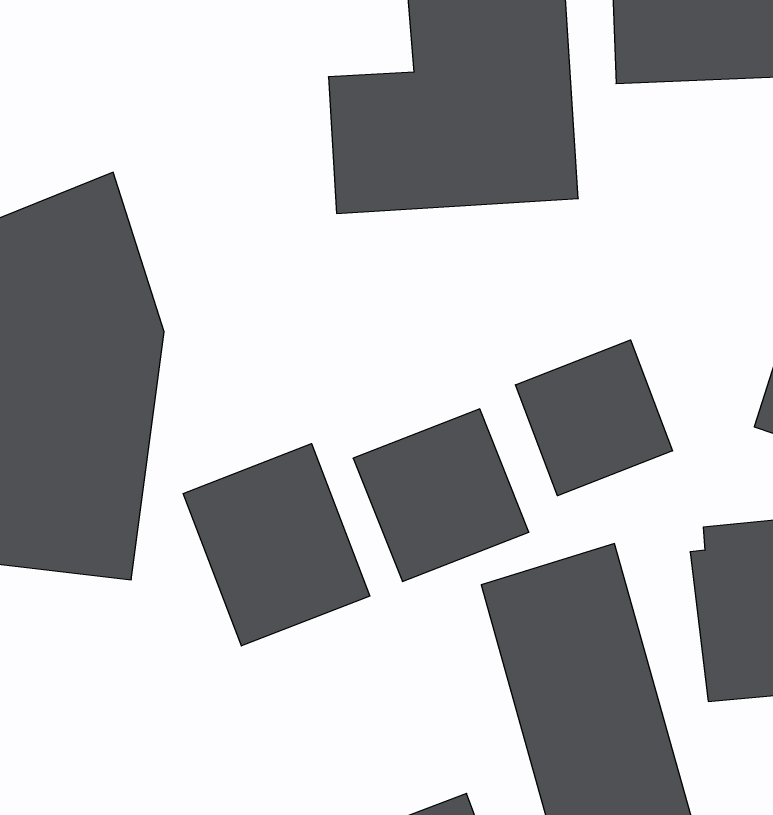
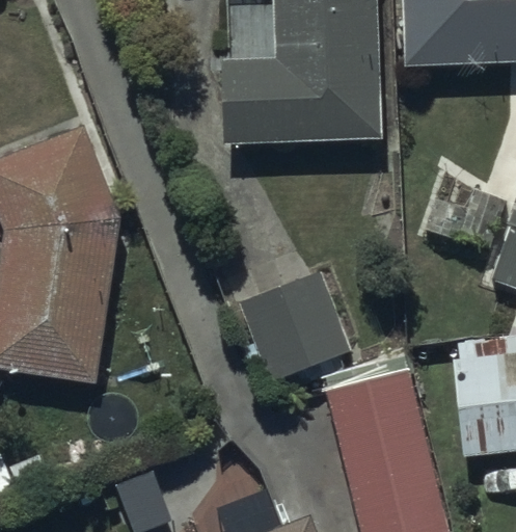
building: [515,340,673,496] -> none
building: [183,444,370,646] -> none

